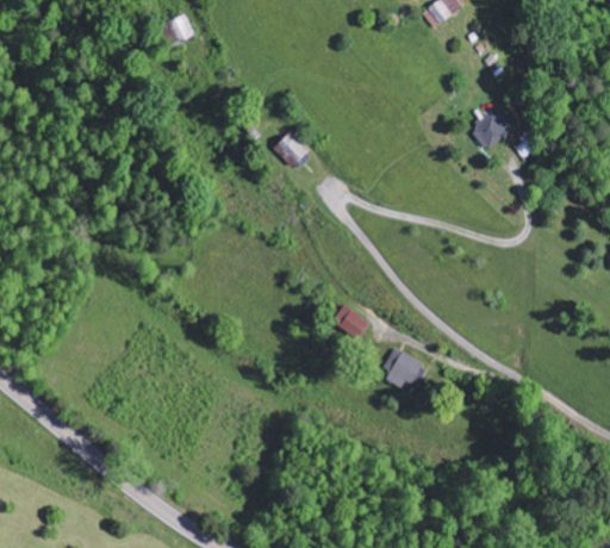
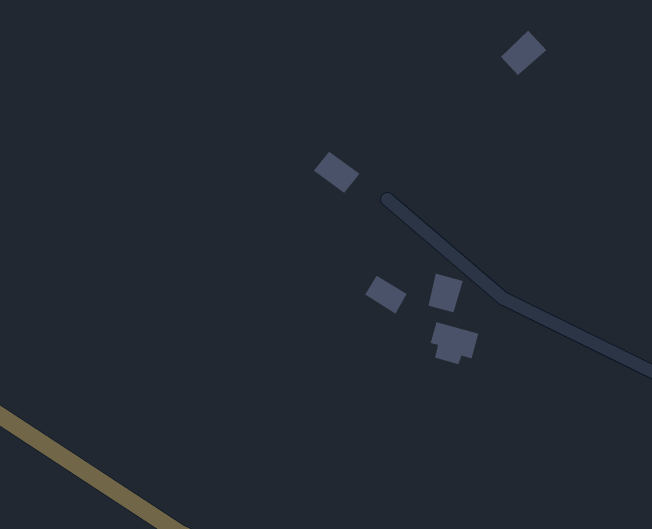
building: [272,132,312,170] -> [313,151,361,194]
building: none -> [428,273,463,313]

